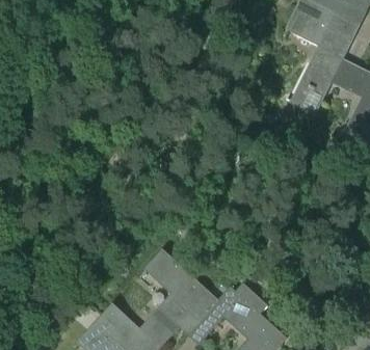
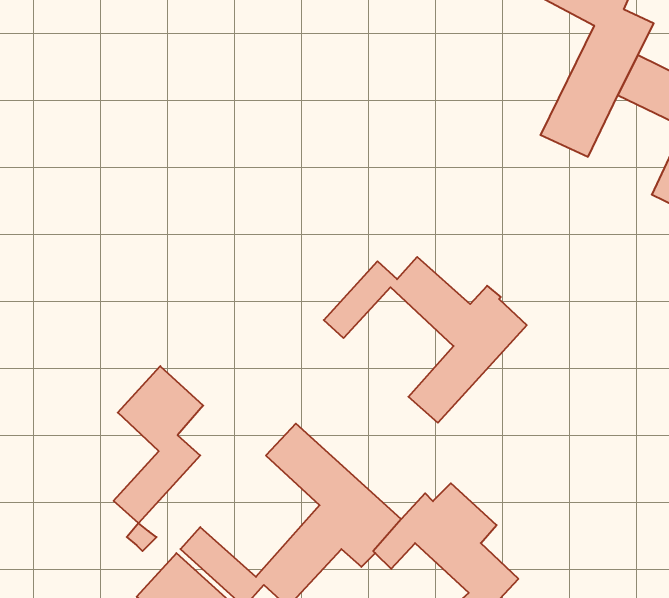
building: none -> [324,257,527,423]
building: none -> [114,366,203,523]

